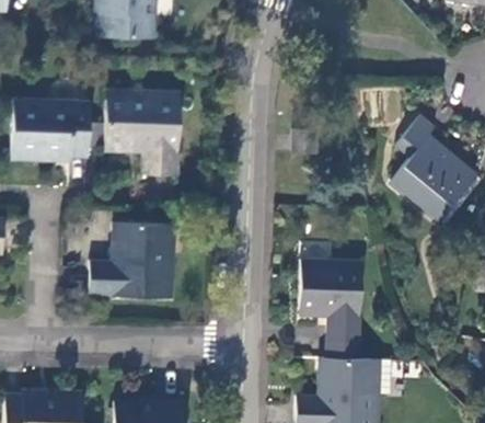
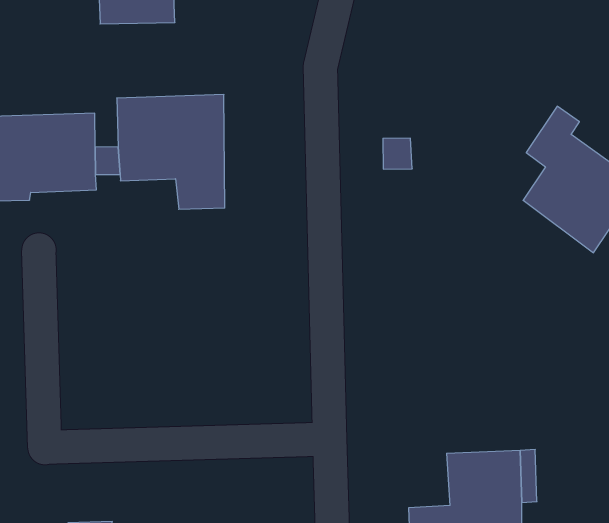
building: [90,222,174,297] -> none
building: [300,261,361,343] -> none

